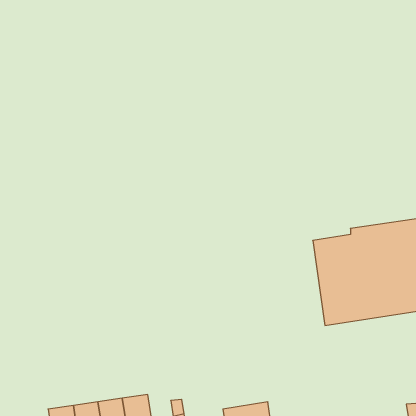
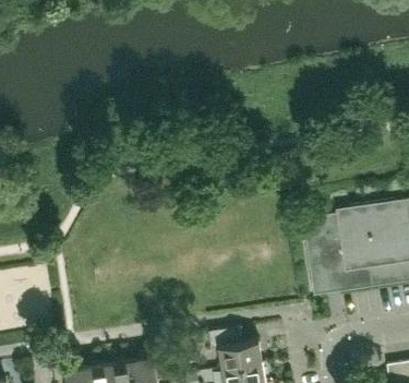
building: none -> [208,327,262,370]

